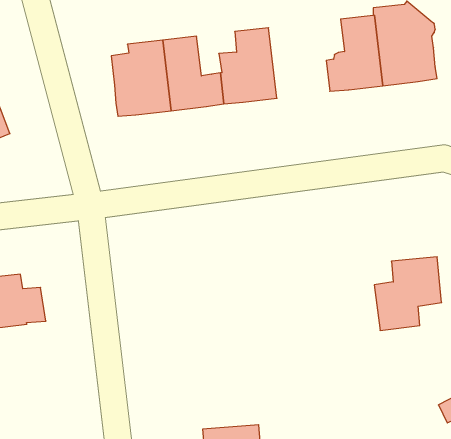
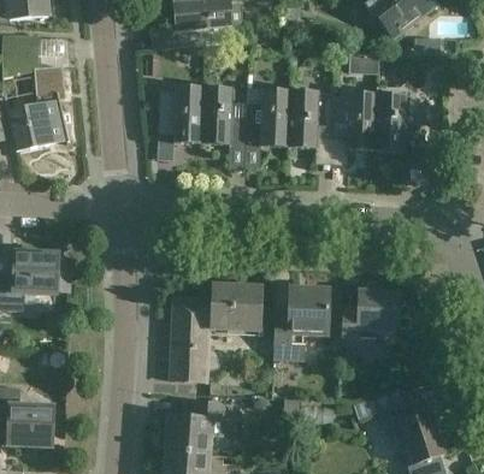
building: none -> [288,88,332,147]
building: none -> [273,288,329,360]
building: none -> [171,285,261,381]

